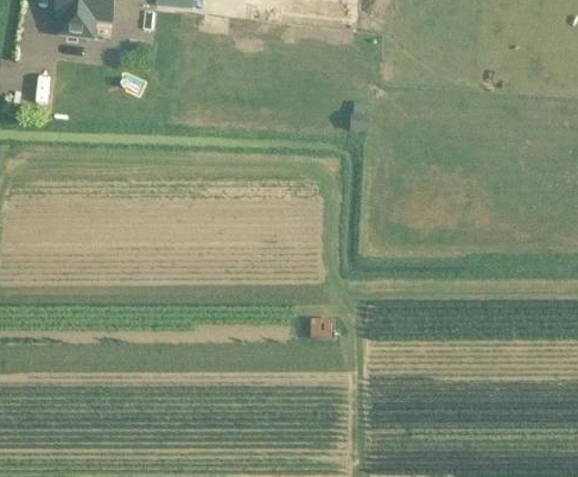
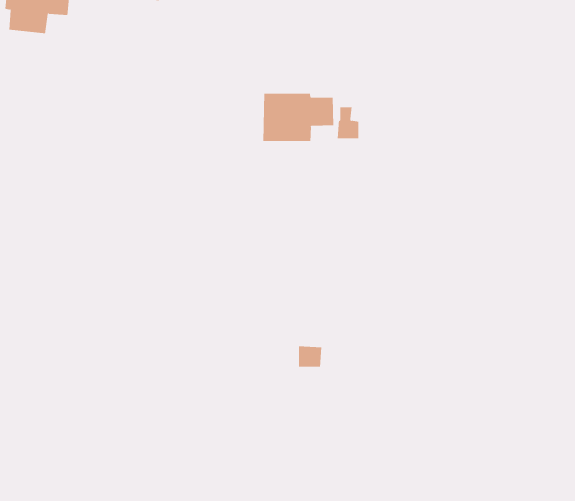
building: none -> [263,93,334,142]

